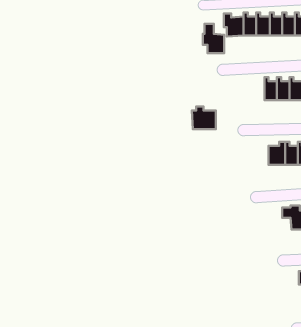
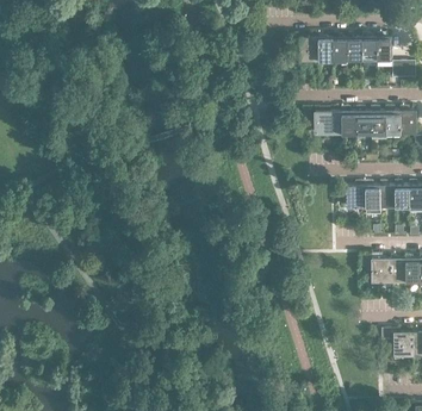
building: [203,24,224,53] -> none
building: [192,106,216,129] -> [315,107,342,133]

